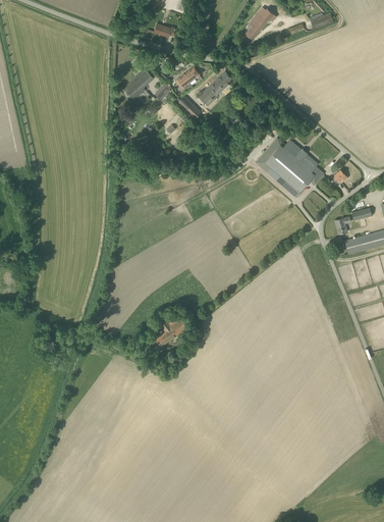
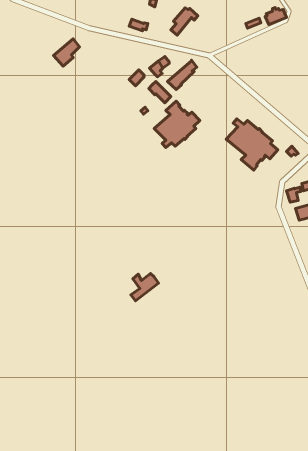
building: [245,7,276,39] -> [171,8,198,35]
building: [123,68,153,100] -> [54,39,79,66]
building: none -> [154,101,200,148]

